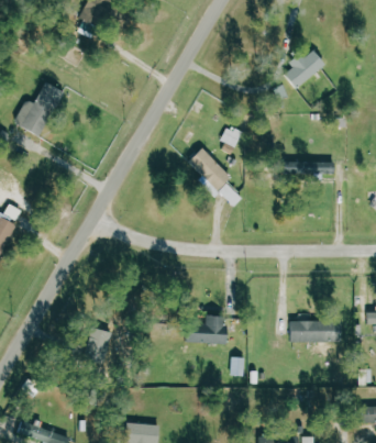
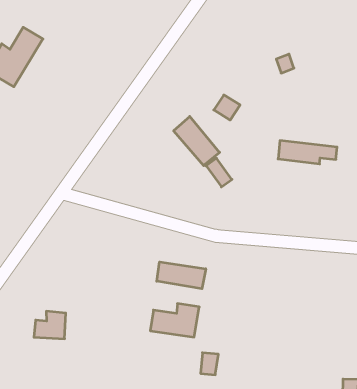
building: [285,49,325,89] -> none
building: none -> [157,262,206,289]
building: [289,320,341,342] -> none

